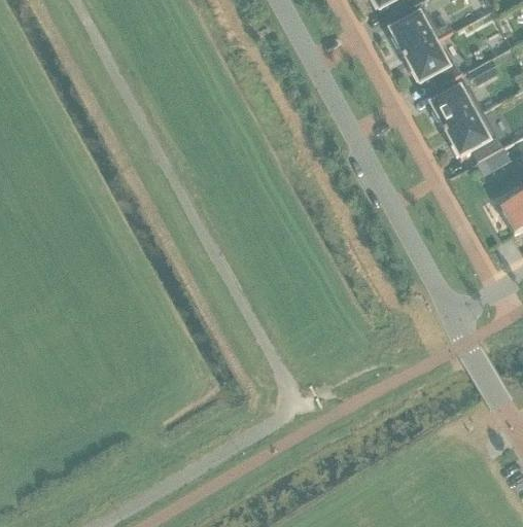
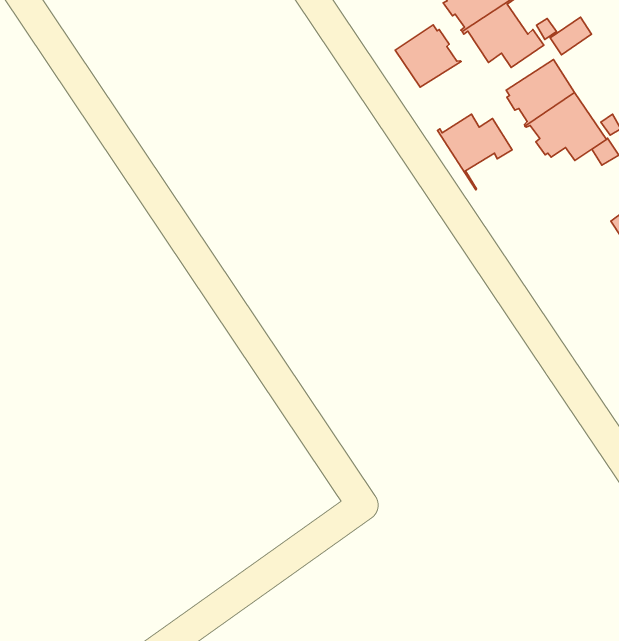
building: none -> [395,25,461,87]
building: none -> [438,114,512,190]

